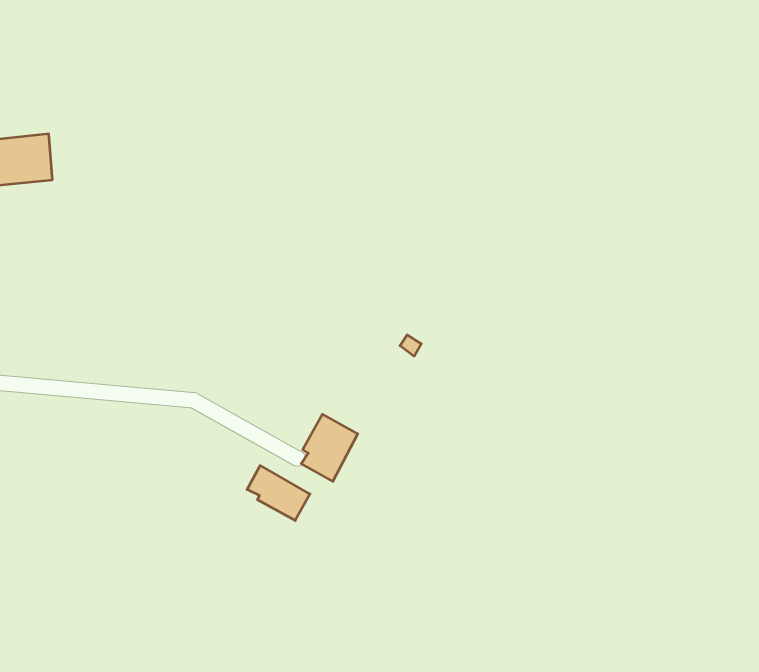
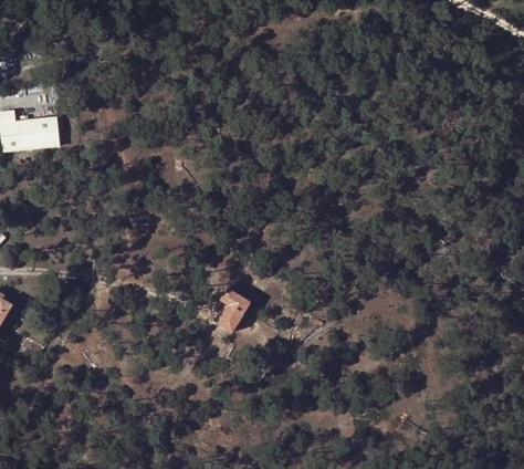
building: [247,466,310,521] -> none

